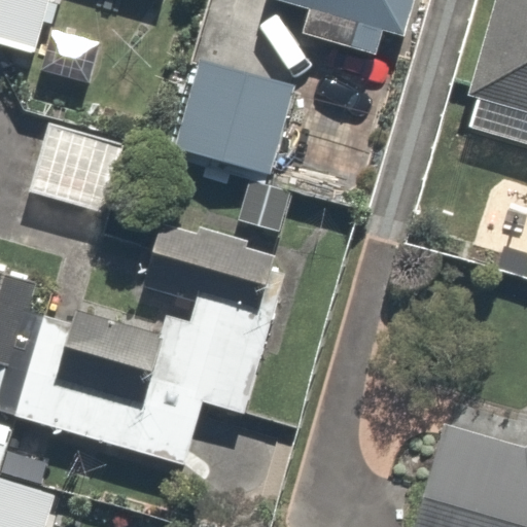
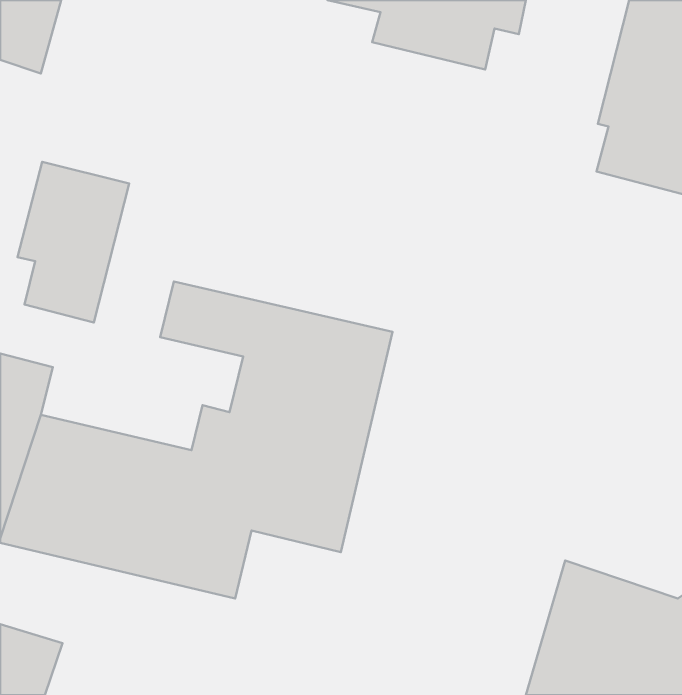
building: [168,61,293,169] -> none

